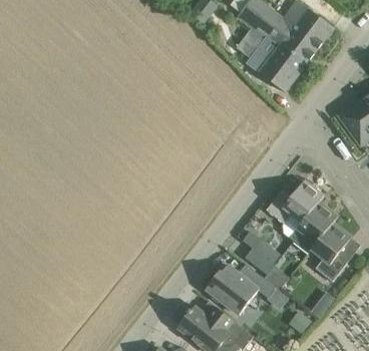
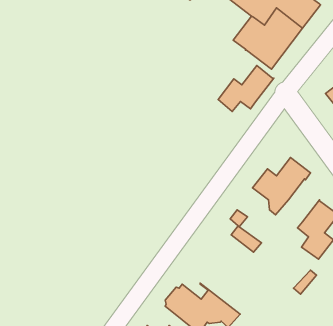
building: none -> [218,65,274,112]
building: [289,202,338,245] -> none
building: [206,266,276,315] -> none

